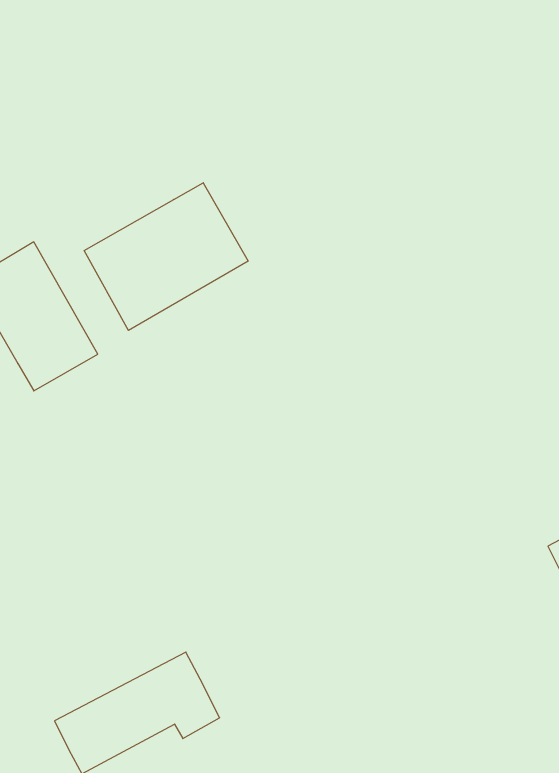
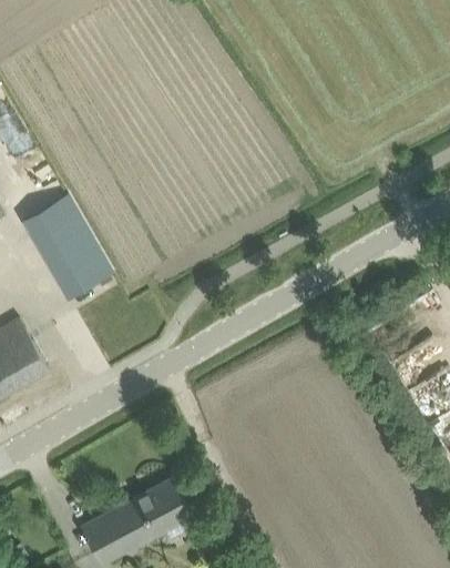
building: [84,183,248,330] -> none

